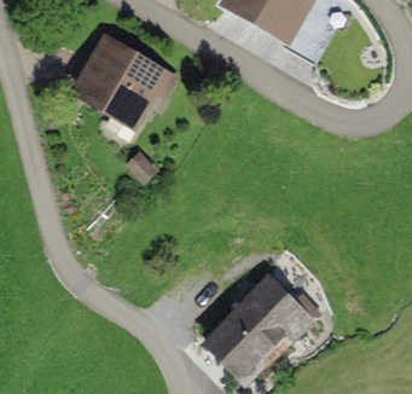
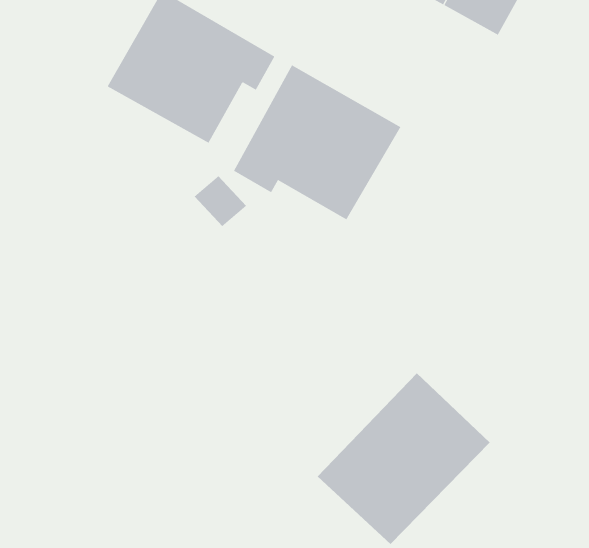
building: none -> [233,64,401,220]

